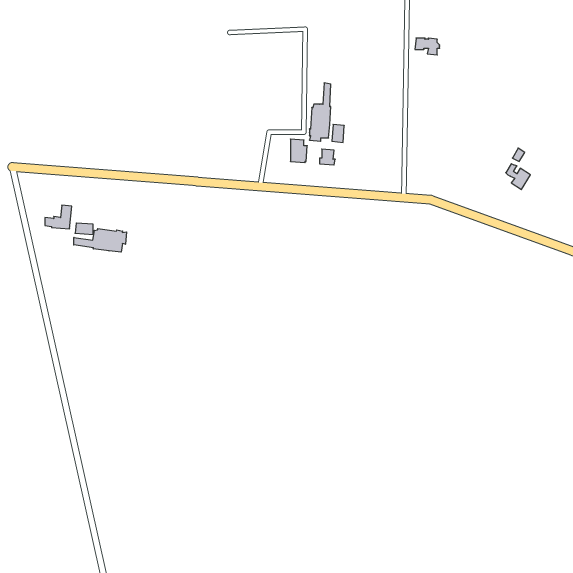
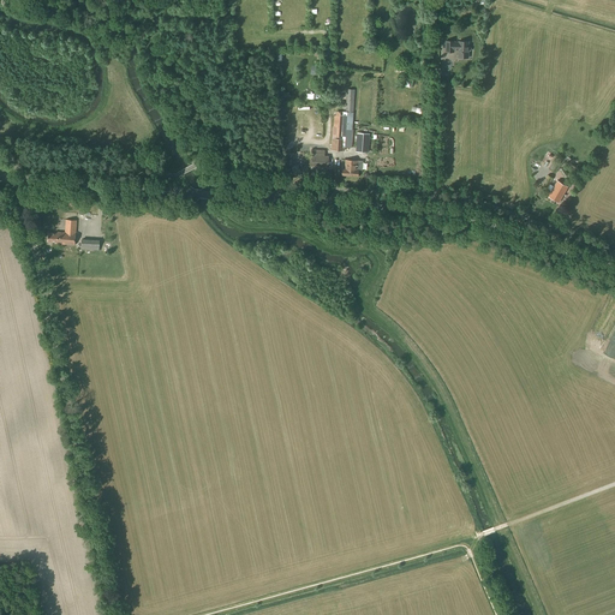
building: [74,229,126,252] -> none

